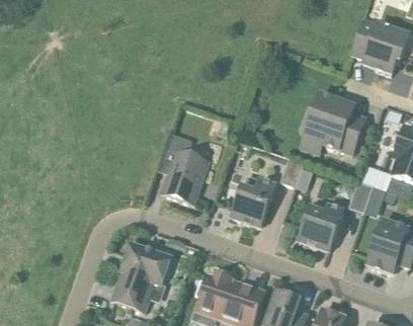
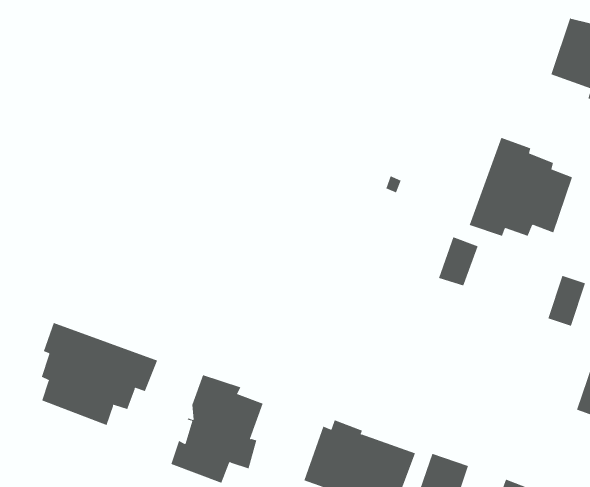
building: [163,132,208,203] -> none
building: [232,172,276,226] -> none
building: [299,202,344,248] -> none
building: none -> [41,322,158,426]

